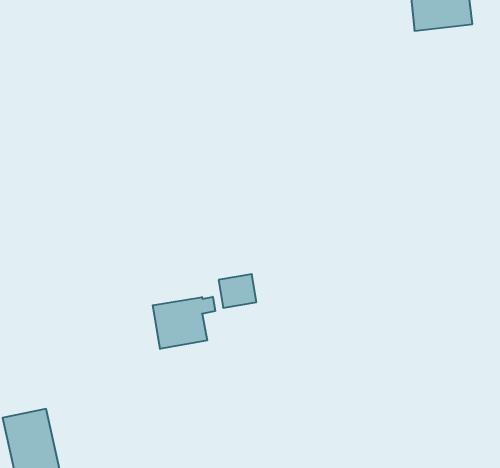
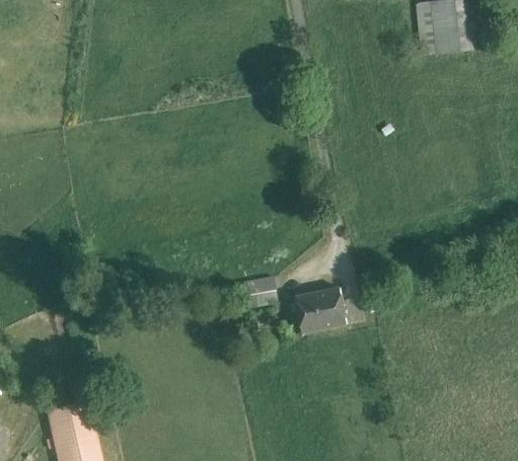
building: none -> [296,287,348,332]
building: [153,297,215,349] -> none

